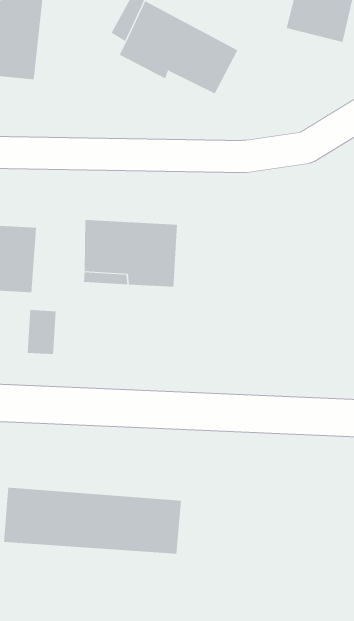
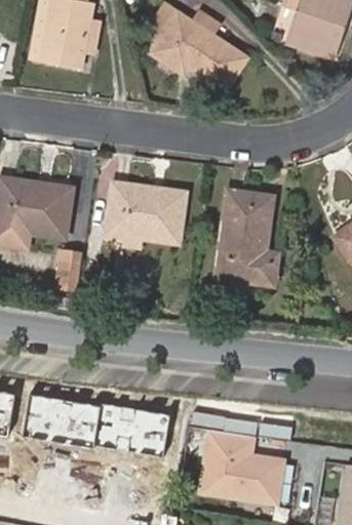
building: none -> [216,190,279,285]
building: none -> [203,430,283,501]

